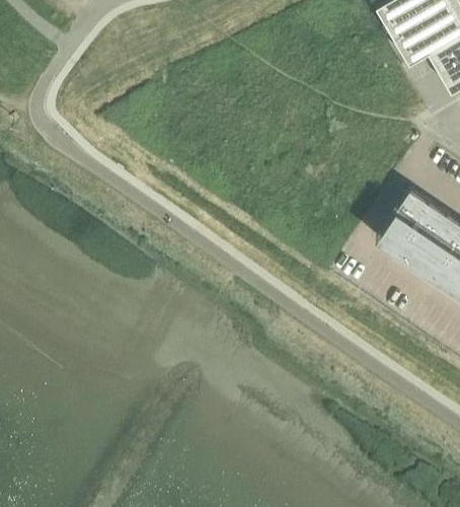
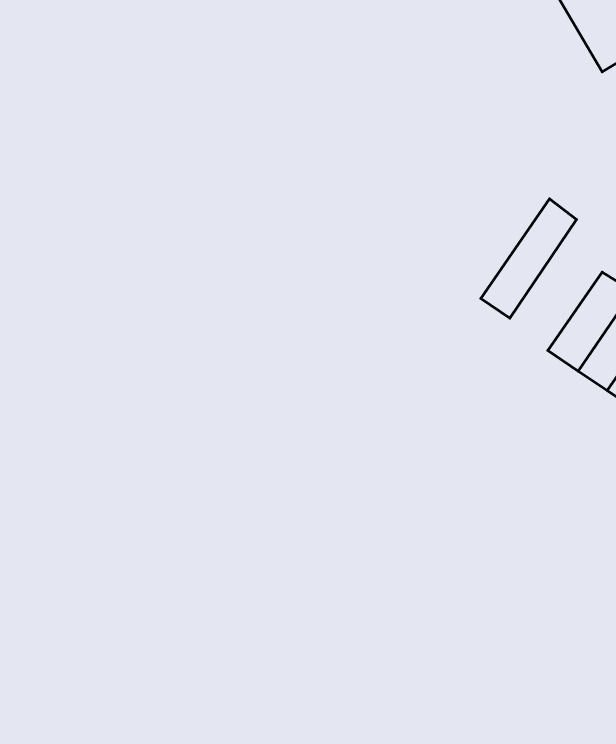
building: none -> [481,199,577,318]

